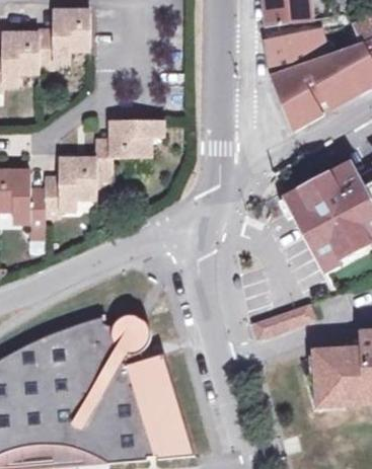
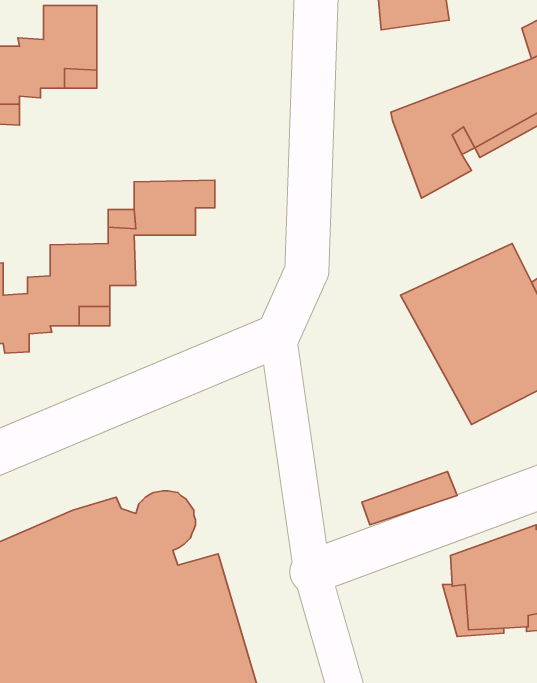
building: [267,31,323,77] -> none

